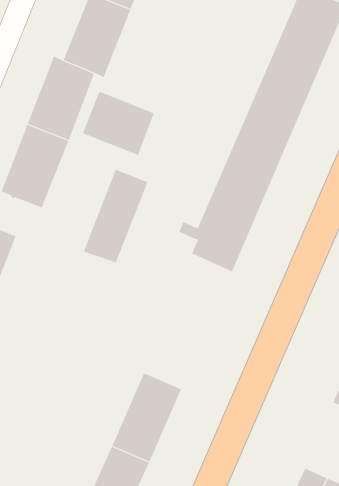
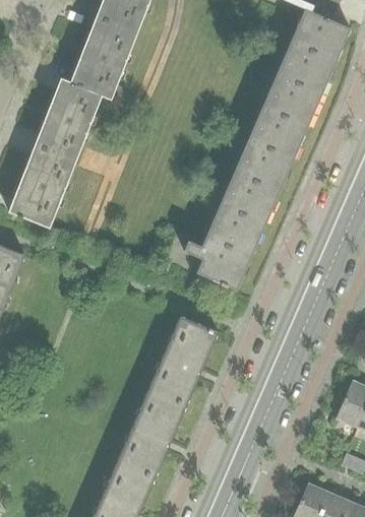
building: [82,91,155,156] -> none
building: [83,169,148,263] -> none
building: none -> [148,316,218,405]

